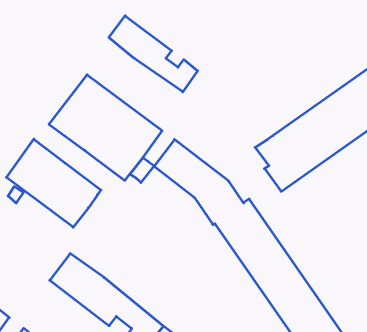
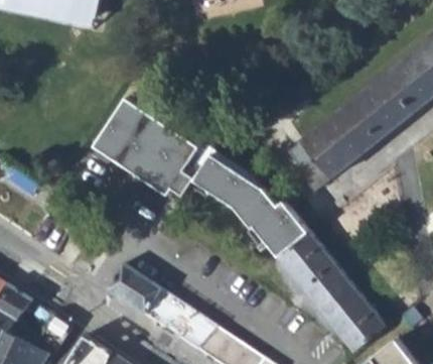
building: [109,16,198,92] -> none
building: [6,139,101,227] -> none

